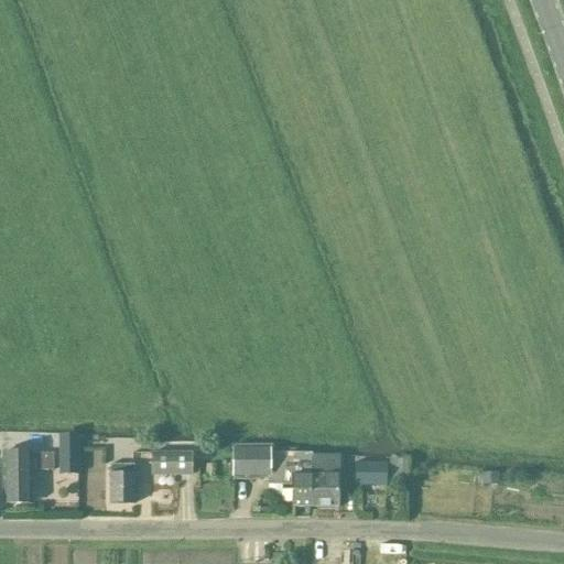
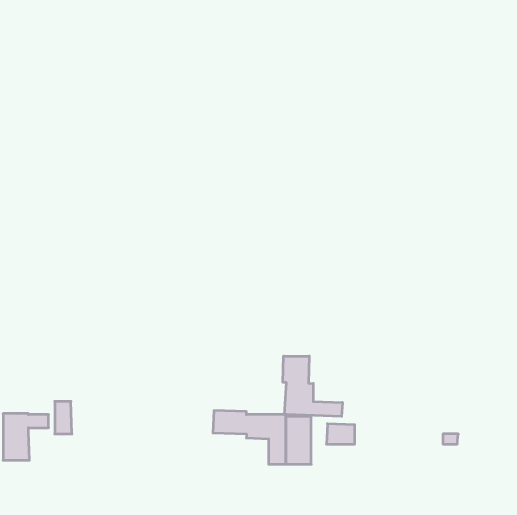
building: none -> [283,356,342,416]
building: [151,449,191,473] -> none
building: [110,462,135,501] -> none

